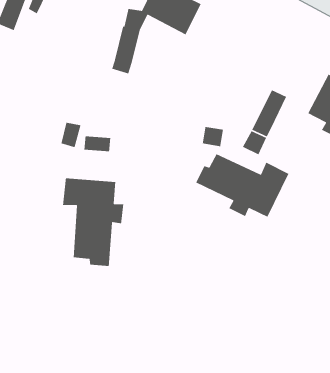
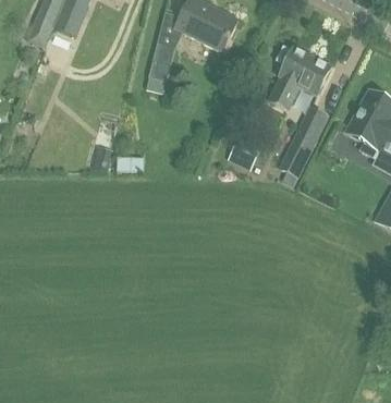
building: none -> [270,45,331,103]
building: [195,153,289,218] -> none
building: [62,178,124,267] -> none

